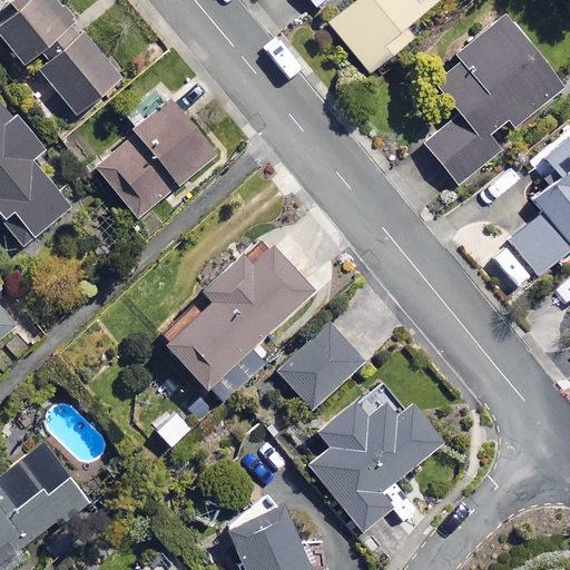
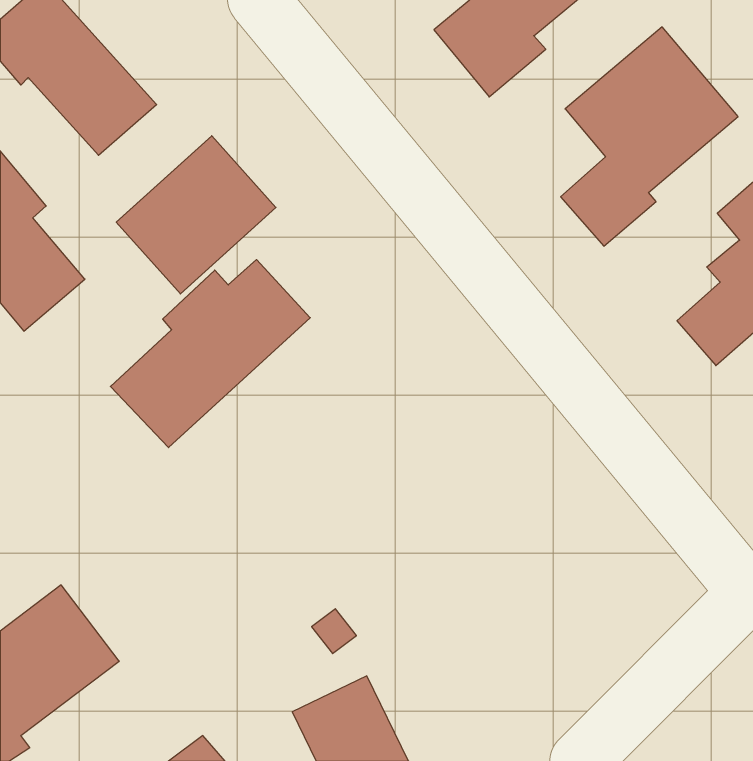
building: [159,247,308,387] -> [110,260,310,448]
building: [279,325,366,411] -> none
building: [307,402,441,532] -> none

